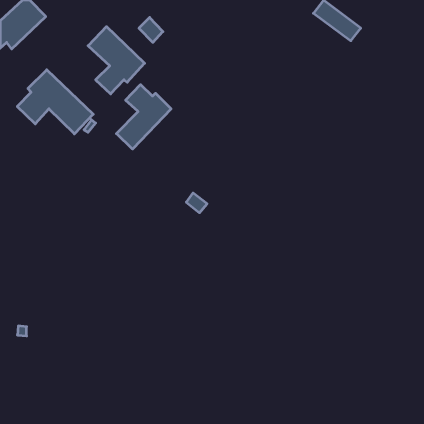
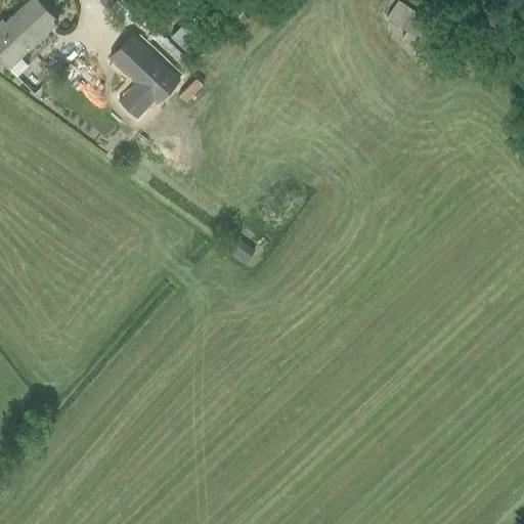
building: [17,70,93,134] -> none
building: [116,85,171,149] -> none

